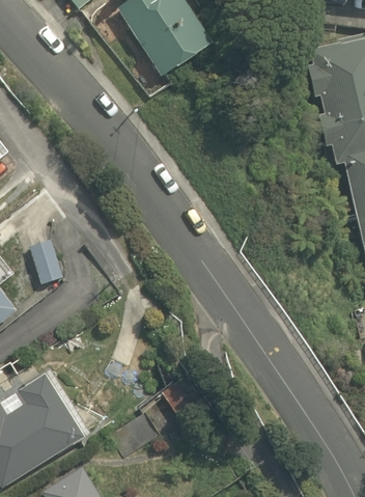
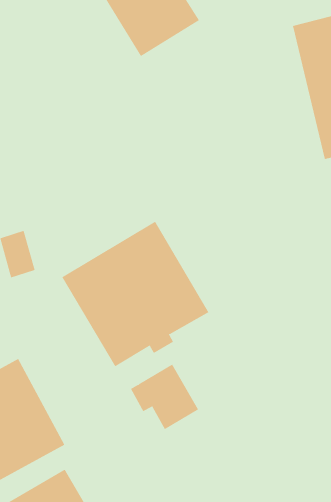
building: none -> [62,221,209,367]

